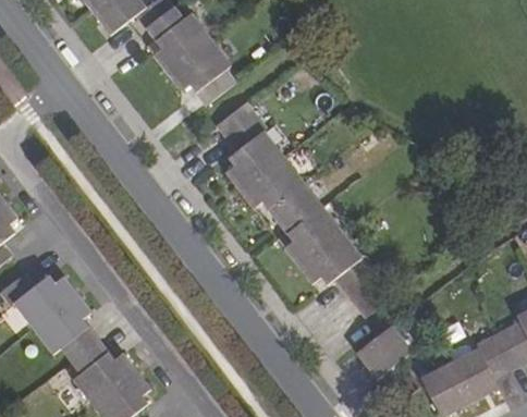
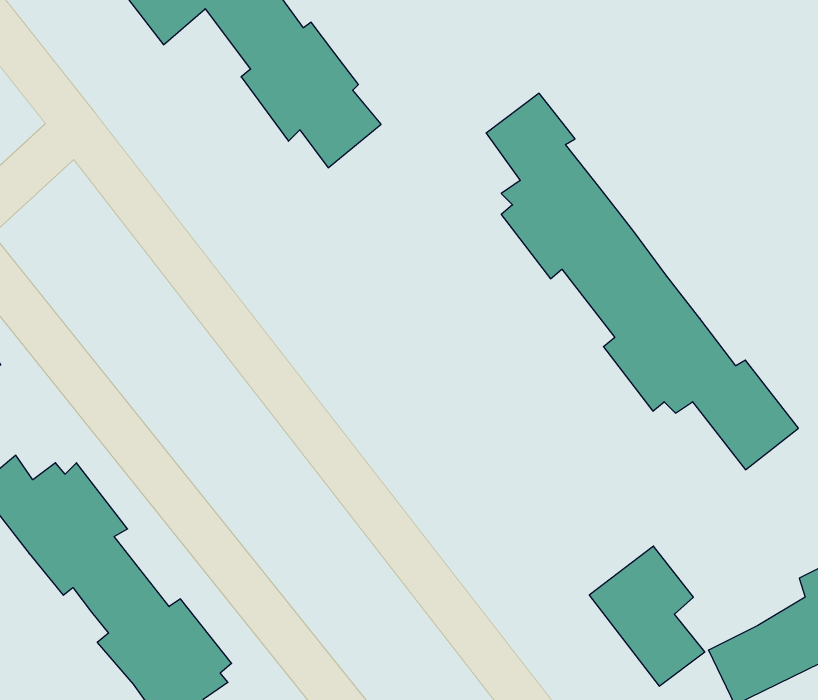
building: [217,100,396,317] -> [486,93,798,470]

